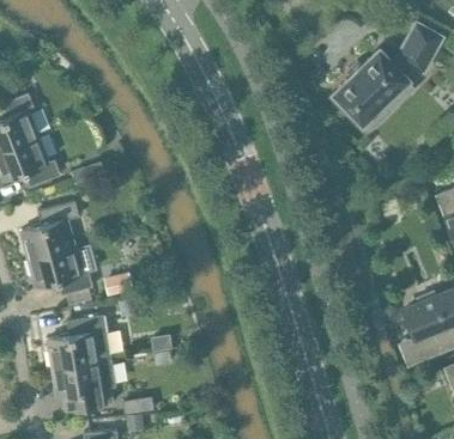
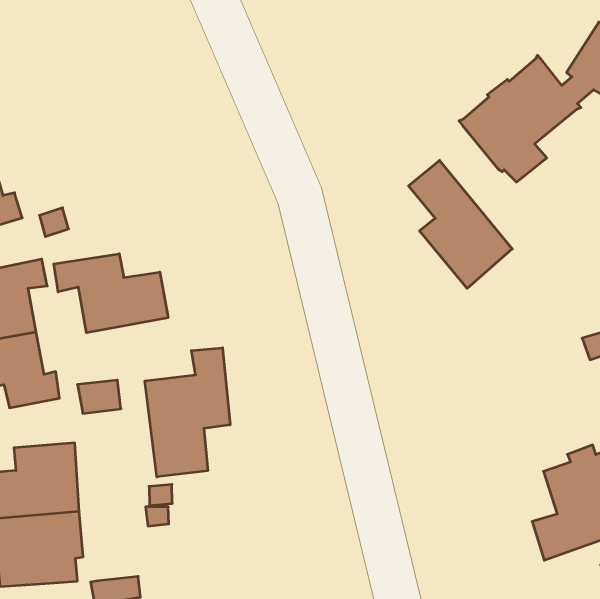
building: none -> [409,160,512,288]
building: none -> [54,254,168,333]
building: none -> [145,348,230,477]

